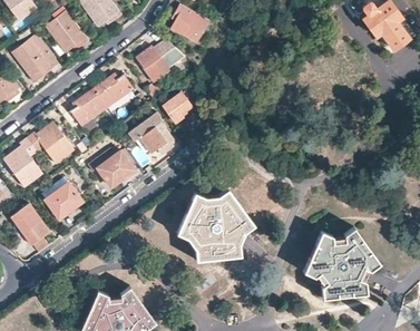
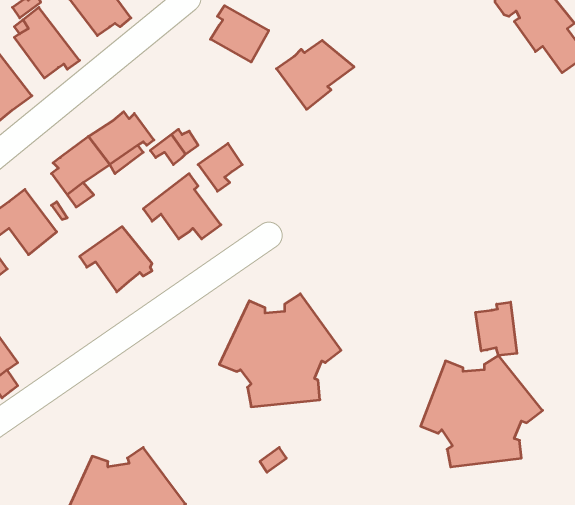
building: [136,39,185,82] -> [276,40,354,109]
building: [42,178,81,218] -> none
building: none -> [476,302,517,356]

